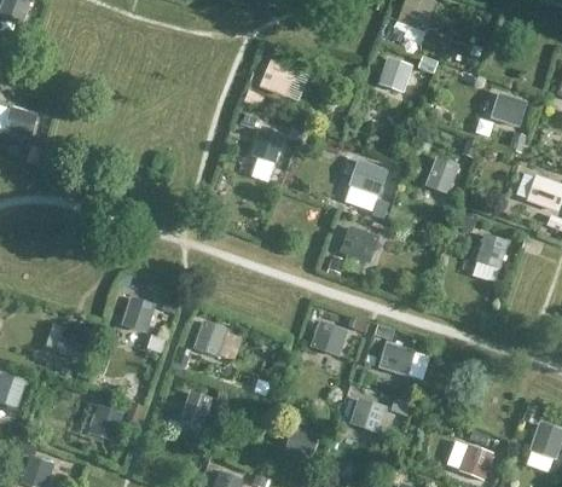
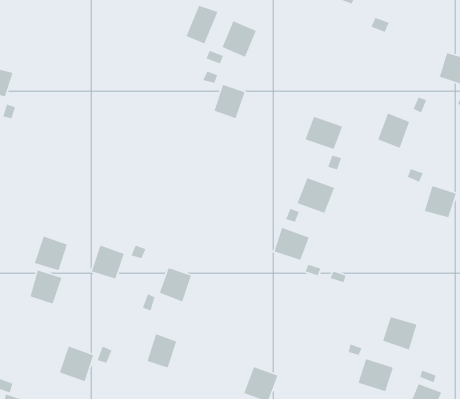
building: none -> [185,5,219,45]
building: [377,57,412,93] -> none
building: none -> [34,236,68,271]
building: [309,320,348,356] -> [273,227,310,261]
building: [377,341,415,377] -> [382,316,418,350]
building: [348,398,387,434] -> [358,358,394,392]

